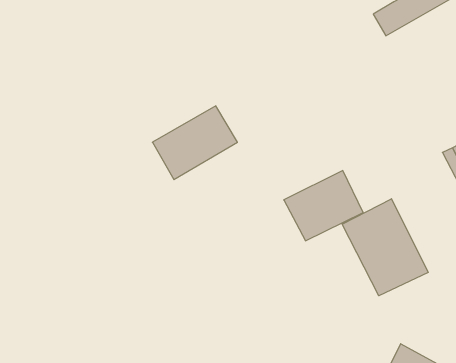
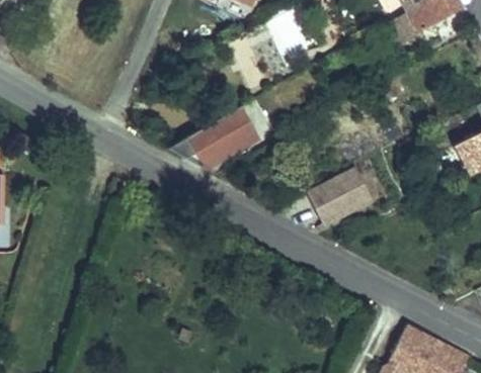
building: [342,199,428,296] -> none

